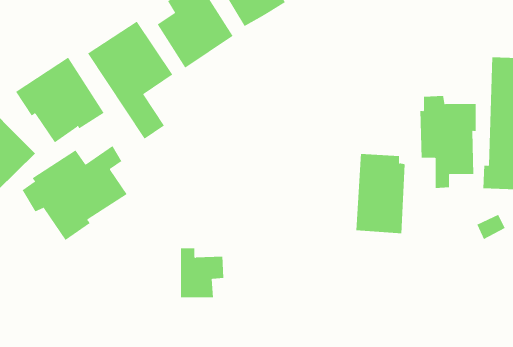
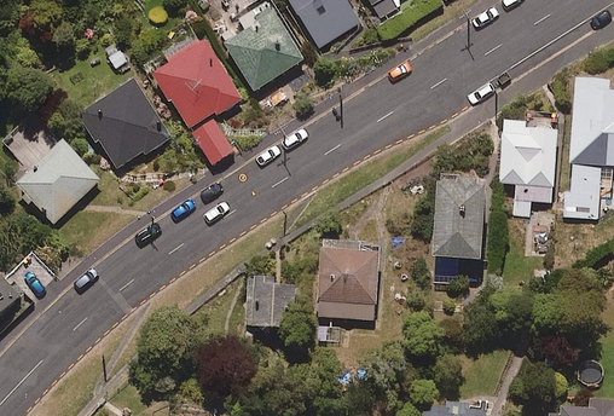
building: [22,145,128,241] -> none
building: none -> [317,239,378,319]

